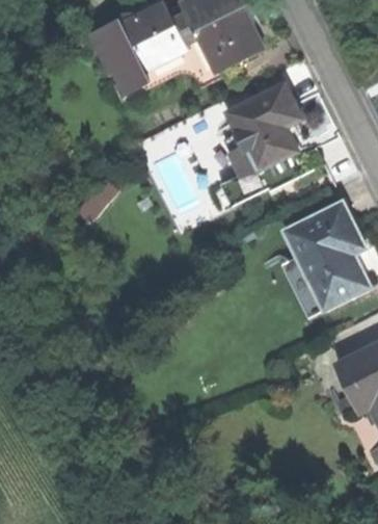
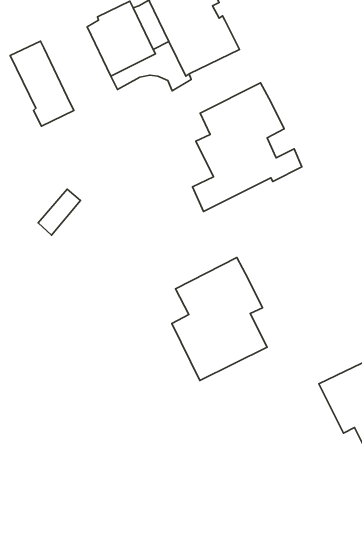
building: [90,22,150,101] -> [10,41,74,126]
building: [281,199,370,313] -> [172,258,267,381]

